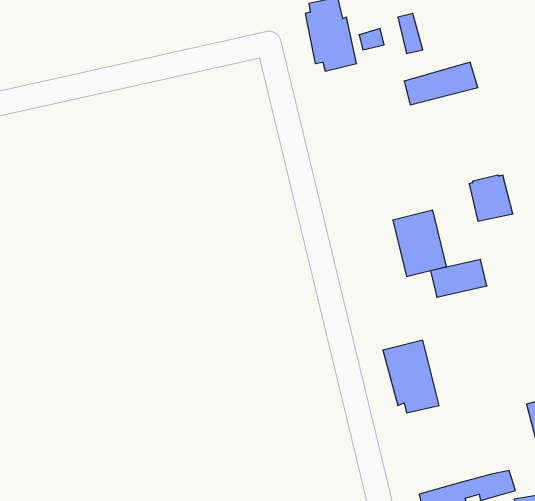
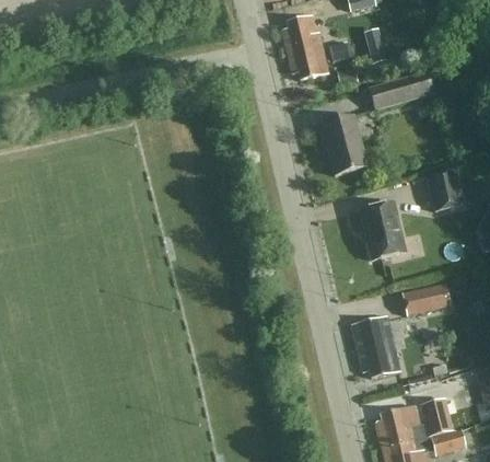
building: none -> [318,114,368,174]
building: [431,259,487,297] -> [400,282,450,315]
building: none -> [374,399,467,449]

